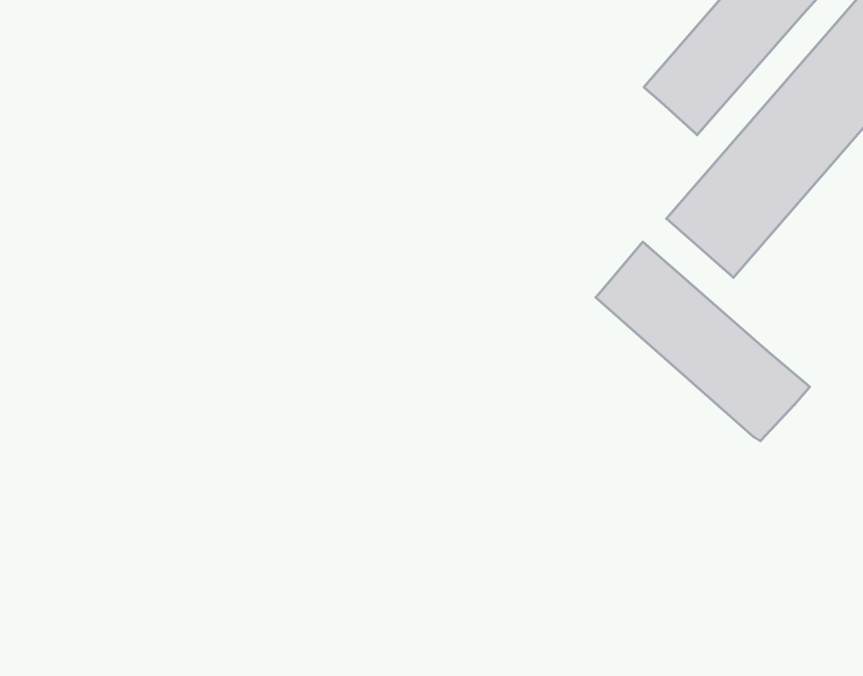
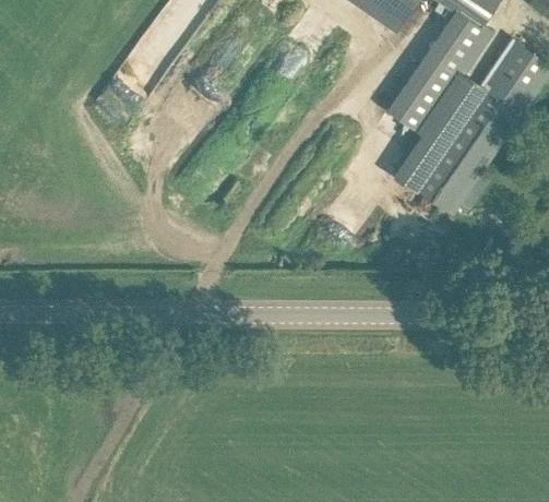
building: [596,242,810,441] -> none

